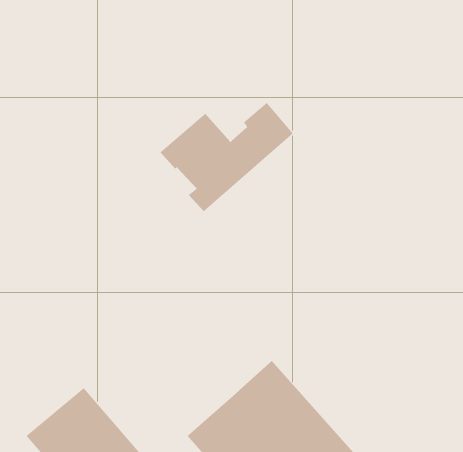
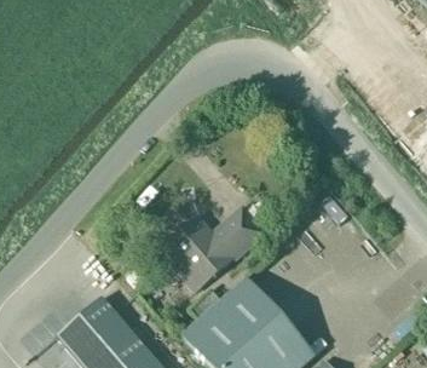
building: [159,102,294,212] -> [162,206,265,291]

